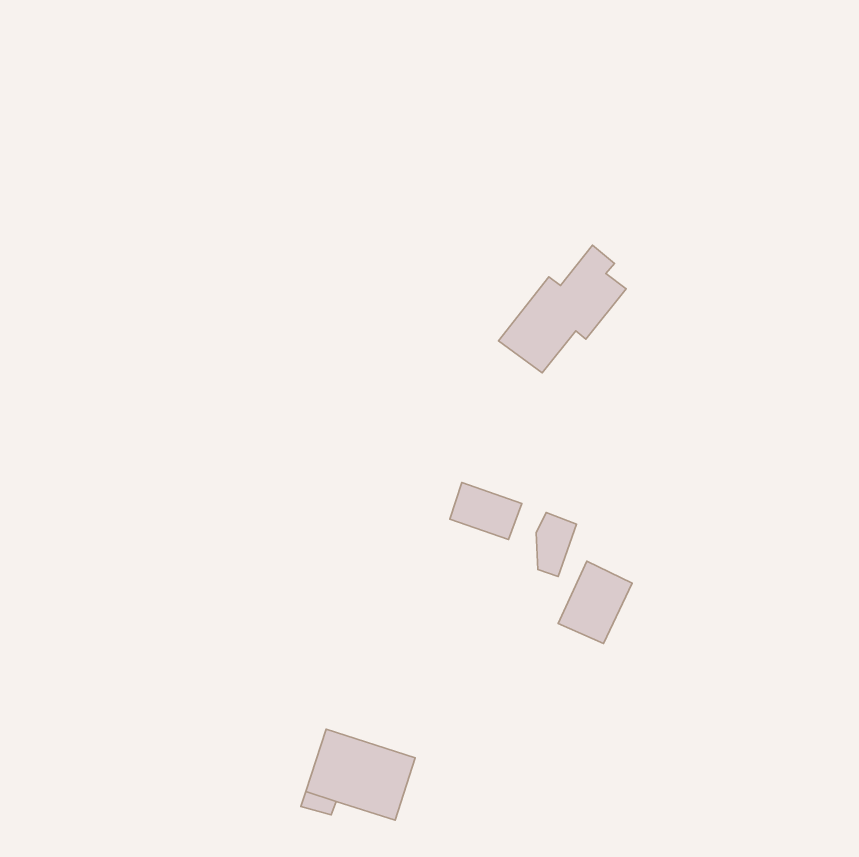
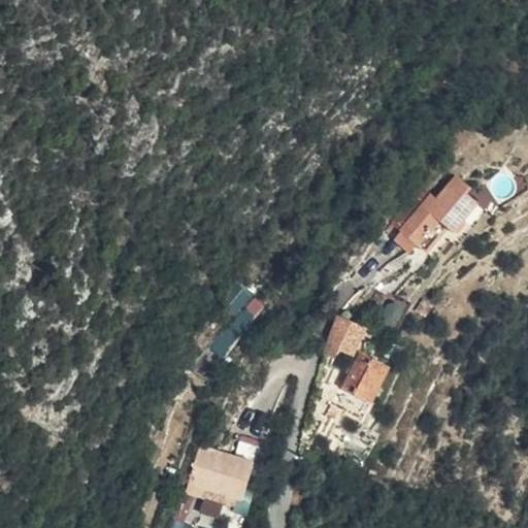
building: [498,245,626,373] -> [395,177,473,256]
building: [450,482,522,540] -> none

